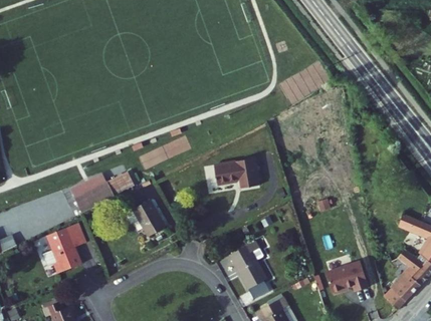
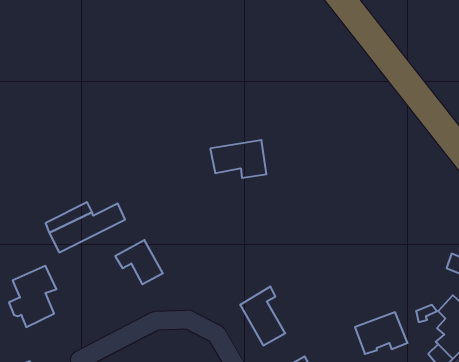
building: [214,156,260,188] -> [210,140,266,178]

